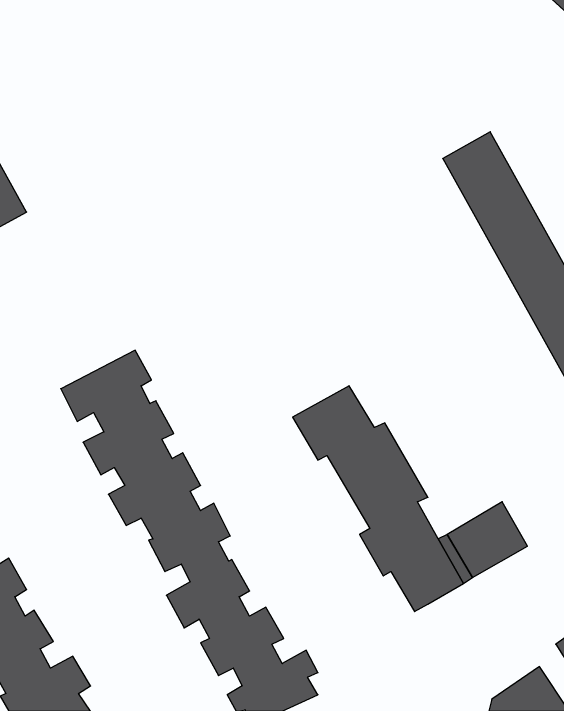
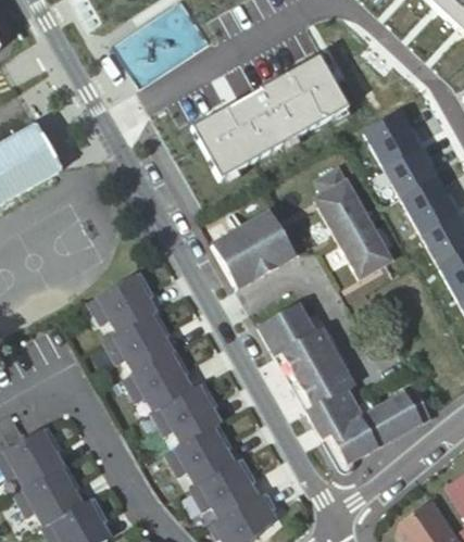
building: none -> [192,60,349,182]
building: none -> [310,161,389,273]
building: none -> [208,204,289,277]

